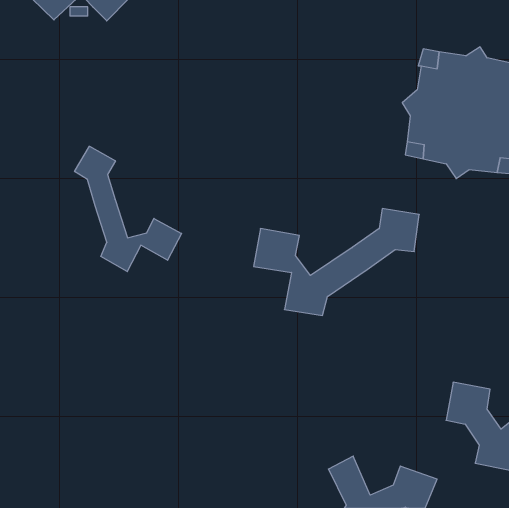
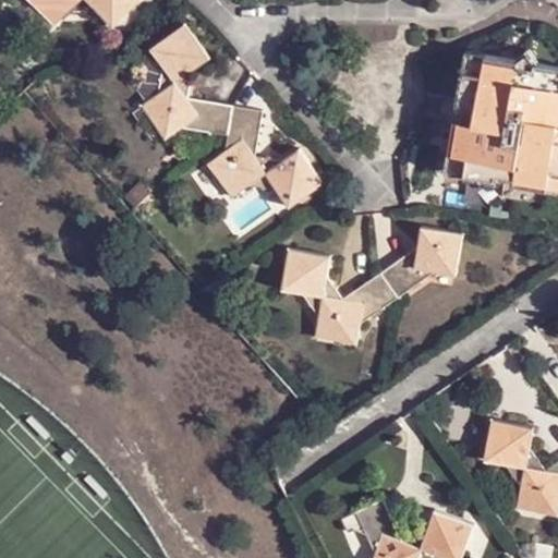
building: none -> [138,26,320,209]
building: [75,146,182,272] -> none

